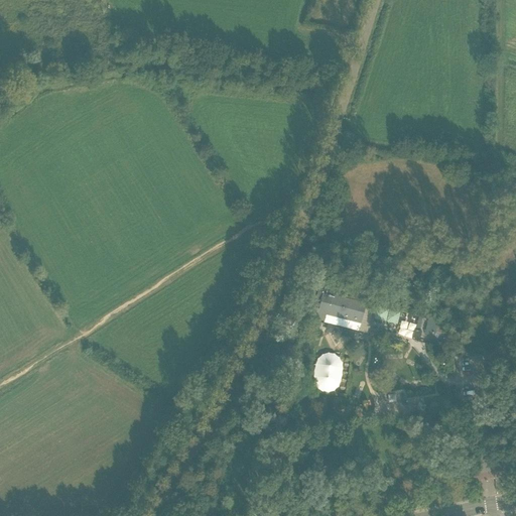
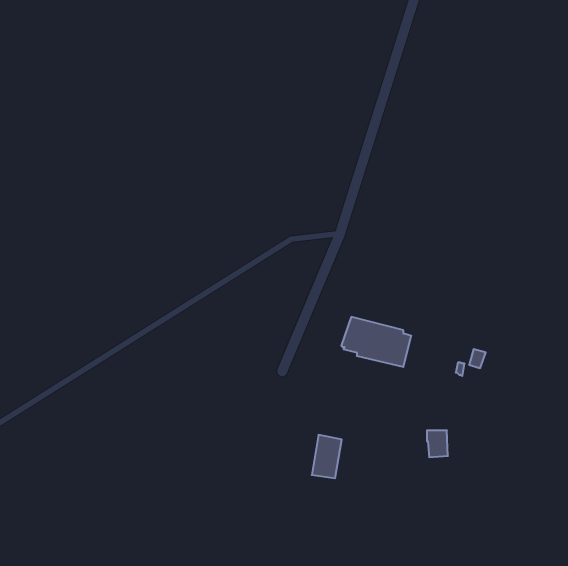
building: [315,352,343,391] -> [312,435,342,478]

